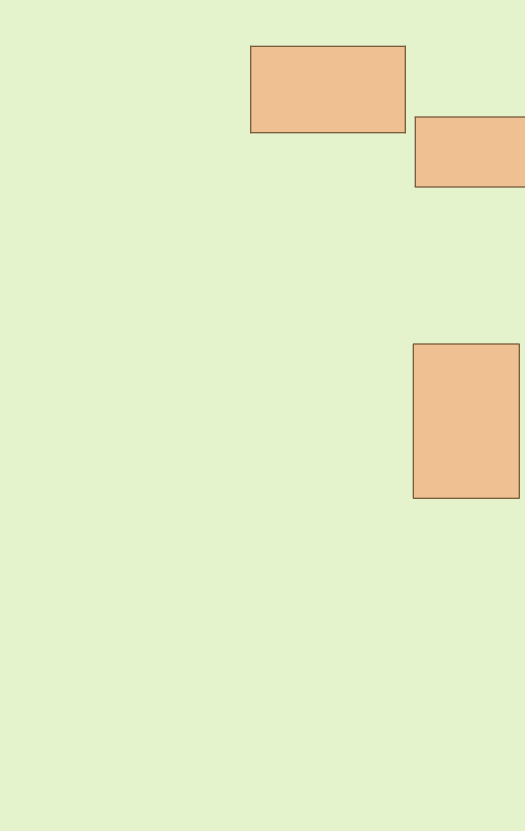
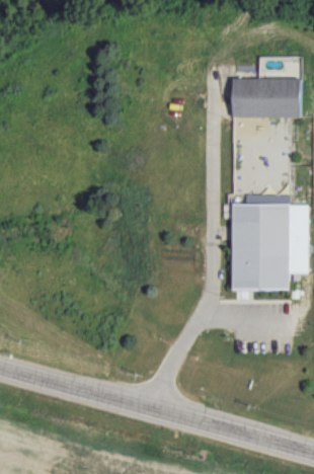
building: [251,46,405,133] -> none

